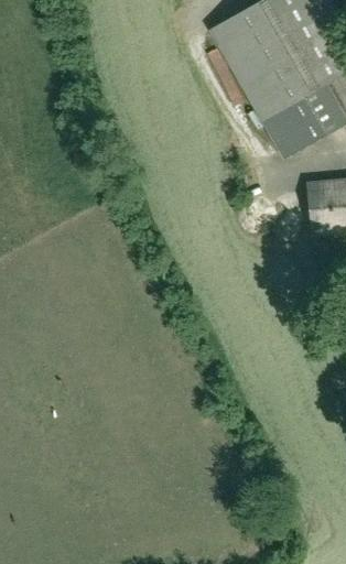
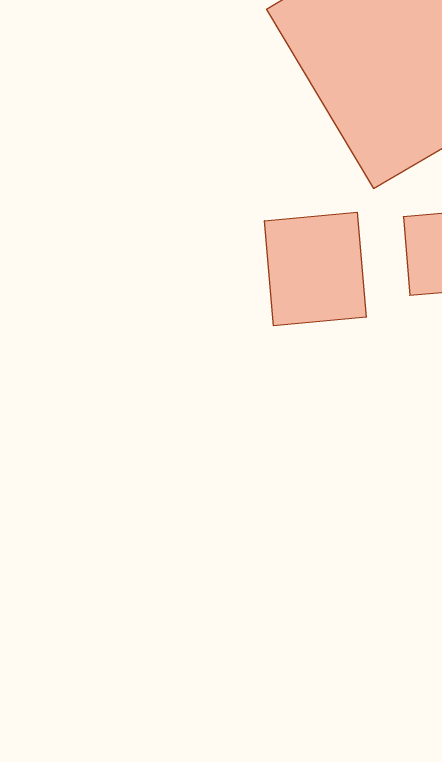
building: none -> [265,212,366,326]

